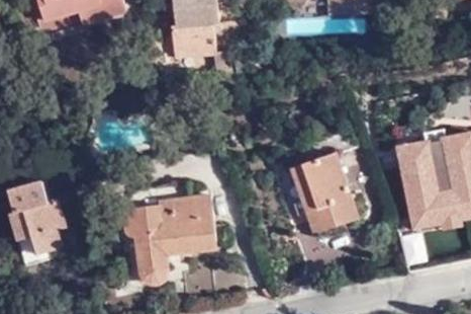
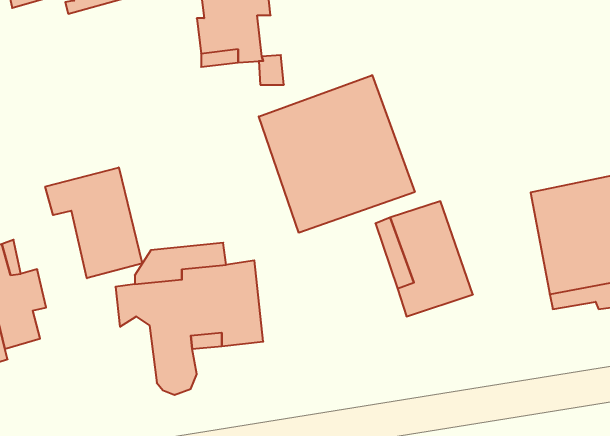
building: none -> [259,75,415,233]
building: none -> [45,167,142,278]

